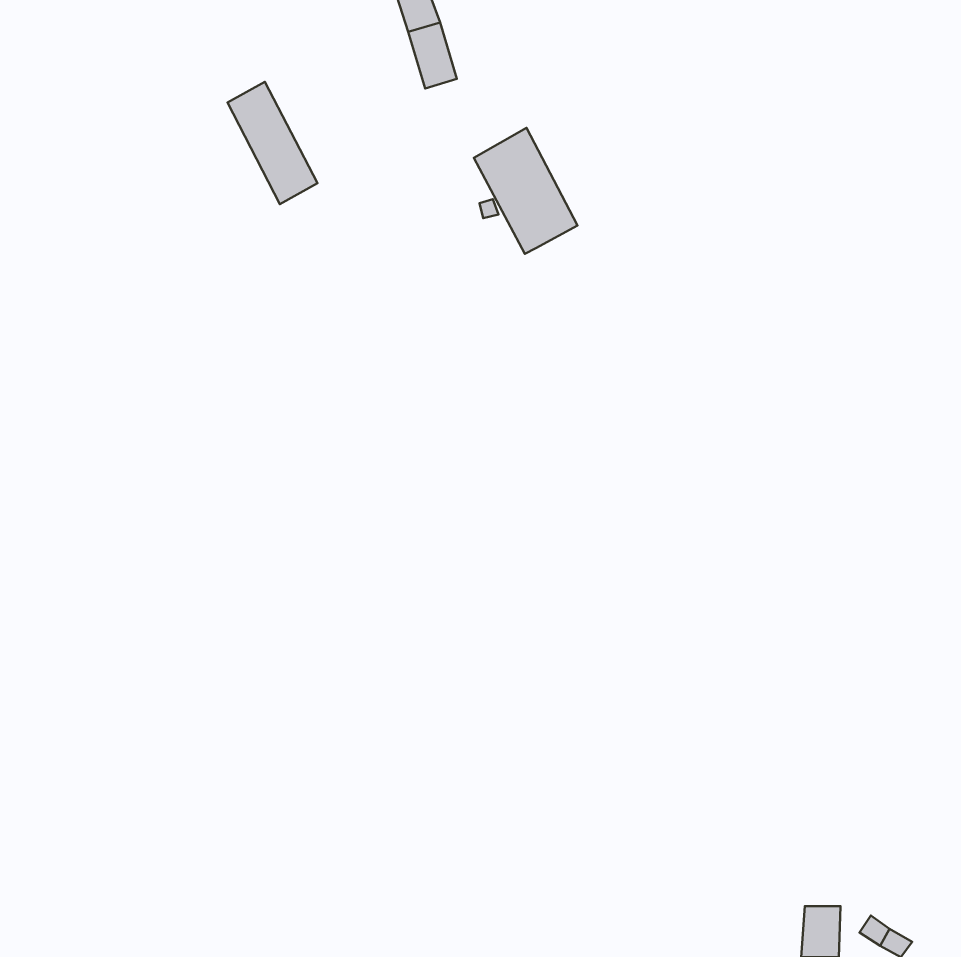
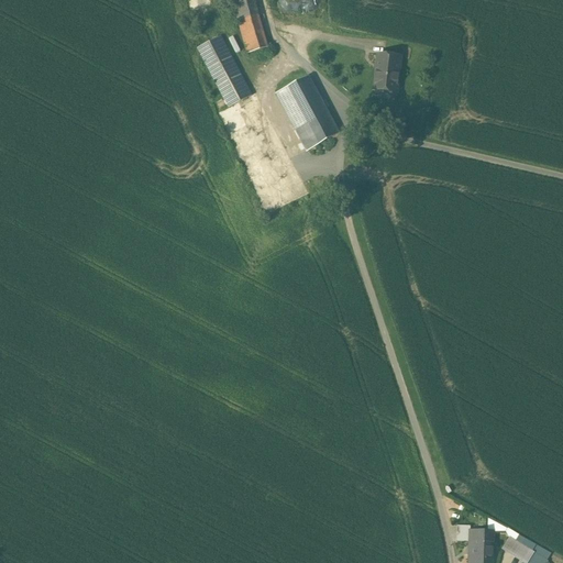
building: [227,82,318,204] -> [198,34,251,106]
building: none -> [374,53,400,89]

